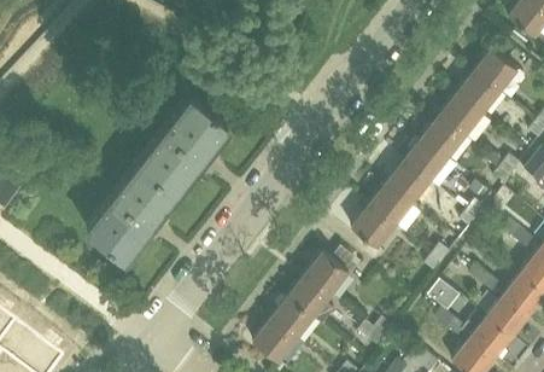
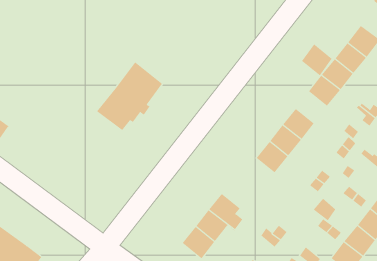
building: [404,138,446,181] -> [301,44,333,76]
building: [86,164,172,260] -> none
building: [305,251,349,295] -> none

